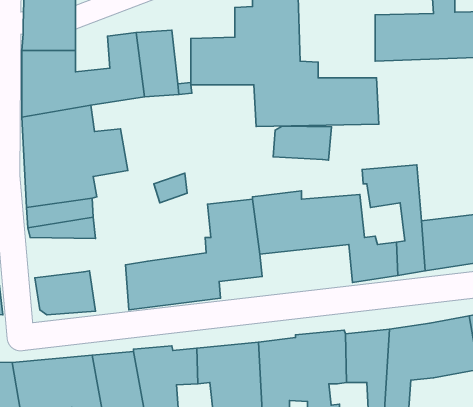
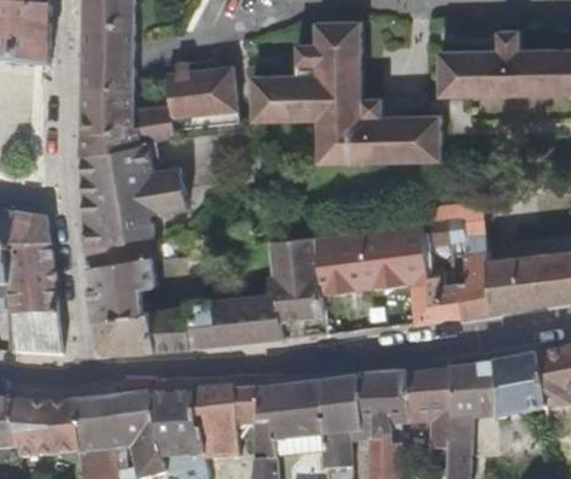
building: [273,126,331,160] -> none
building: none -> [88,275,155,316]
building: none -> [148,303,188,352]

